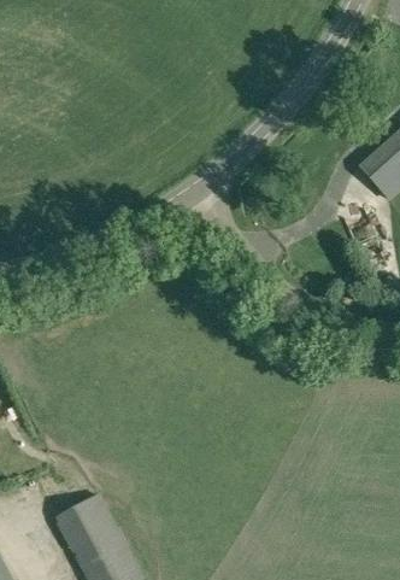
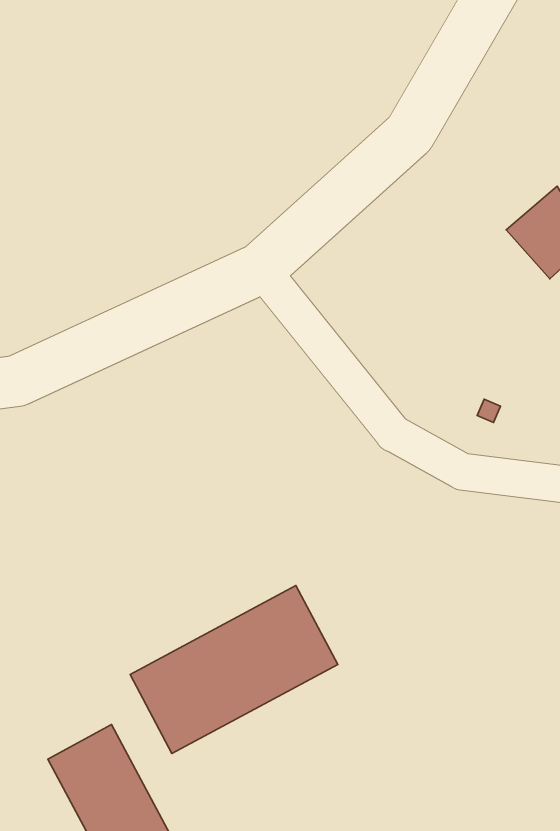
building: none -> [130,586,338,753]

